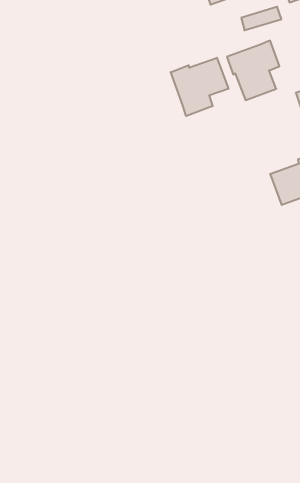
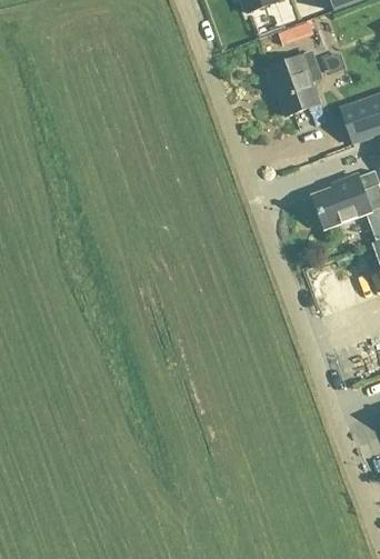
building: [171,58,228,116] -> none

